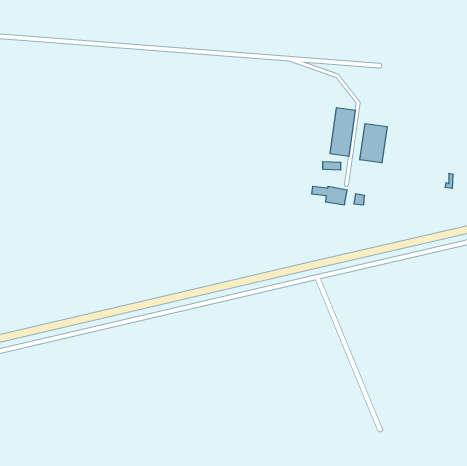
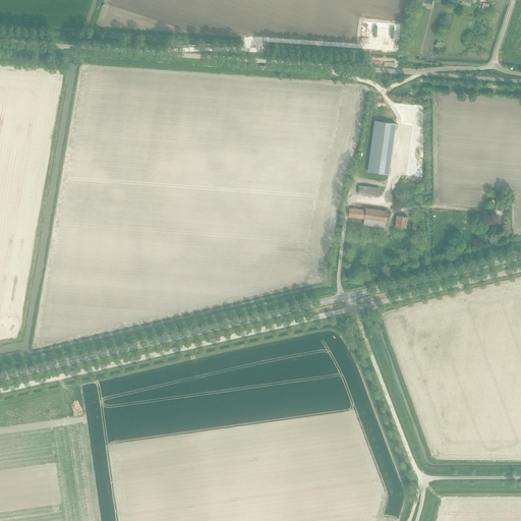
building: [360,124,387,163] -> none

